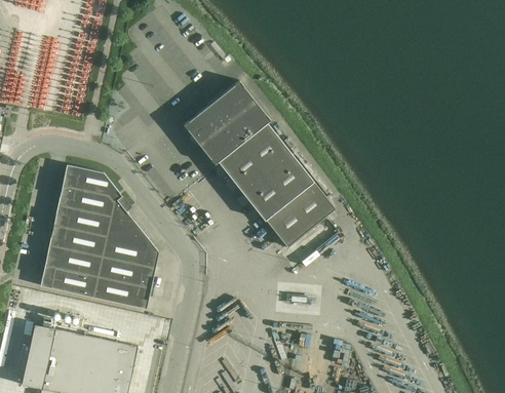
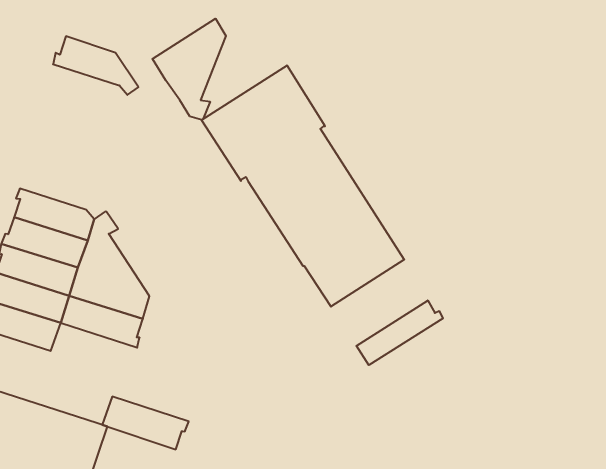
building: none -> [152,19,226,120]
building: [60,165,121,202] -> [53,36,138,95]
building: none -> [356,300,443,365]
building: [92,277,153,310] -> [102,397,189,449]

